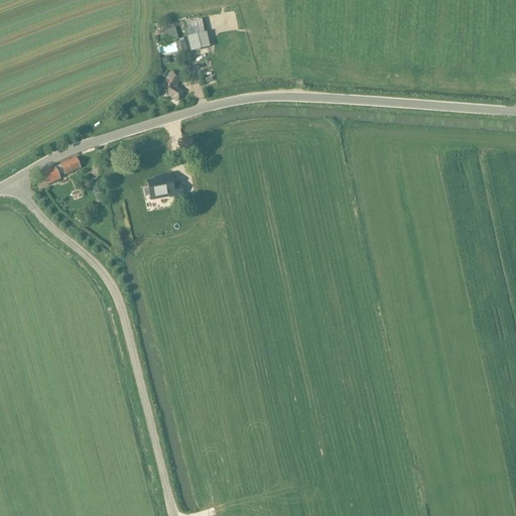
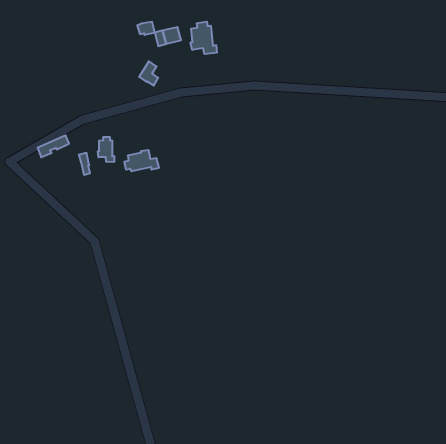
building: none -> [191,22,217,54]
building: none -> [98,137,114,162]

